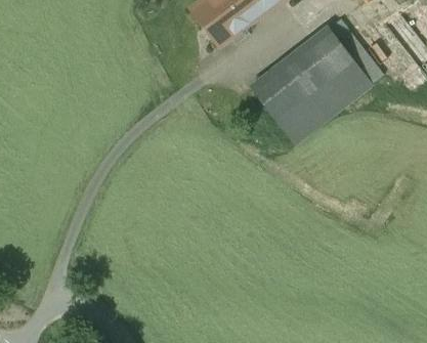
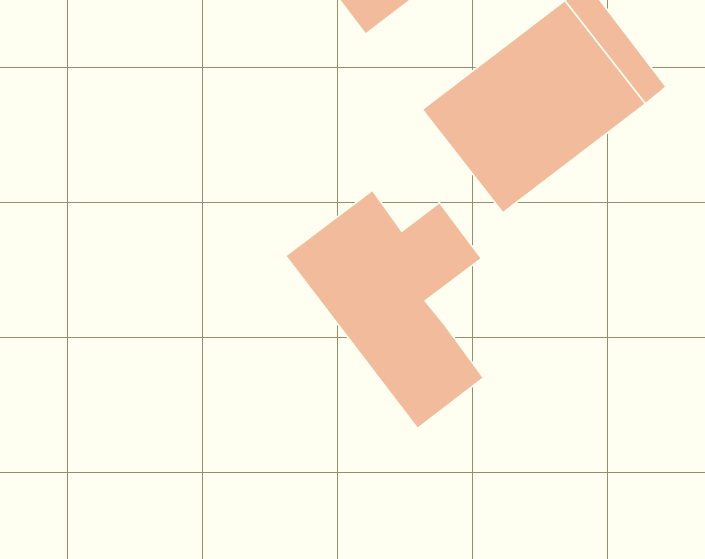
building: none -> [286,190,483,429]

